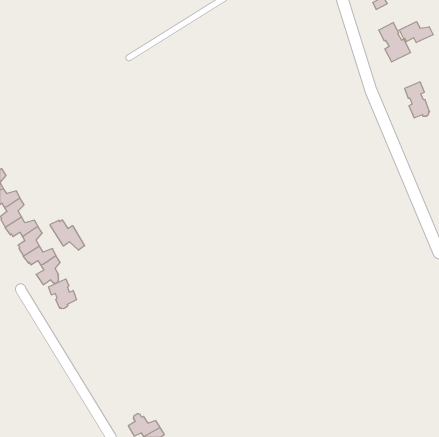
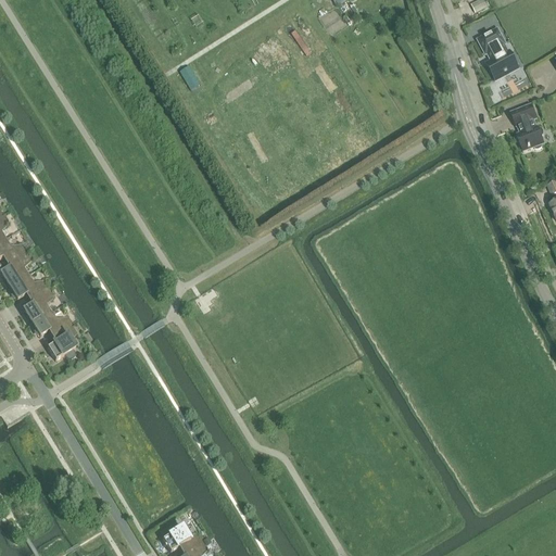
building: [399,22,433,43] -> none
building: [50,220,85,250] -> none
building: [49,279,76,309] -> none

